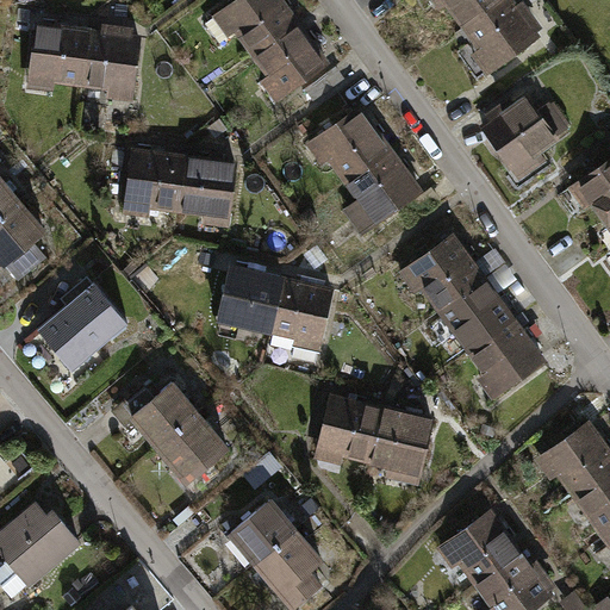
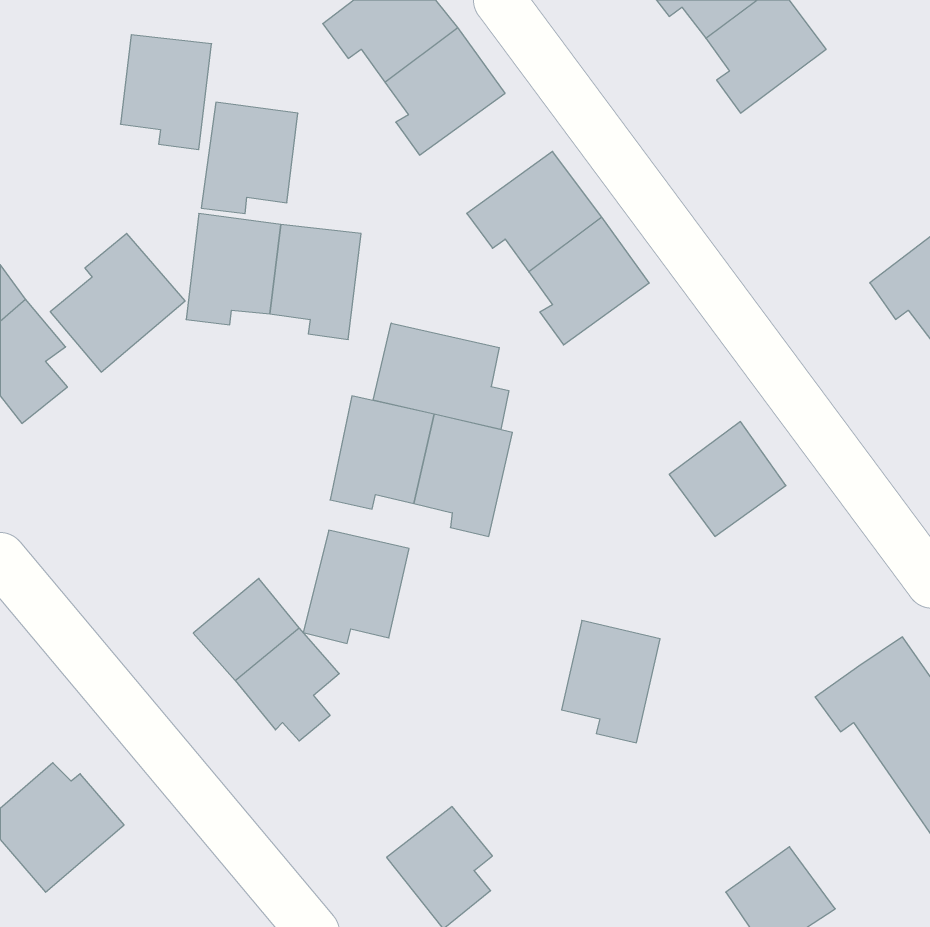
building: [24,19,87,92] -> [201,102,298,214]
building: [479,75,572,180] -> none
building: none -> [373,323,509,429]
building: [402,237,485,313] -> none
building: [41,281,129,372] -> [50,233,185,372]
building: [468,320,544,399] -> none
building: [312,397,381,471] -> [303,530,409,643]
building: [226,497,297,564] -> none
building: [444,515,517,586] -> none

